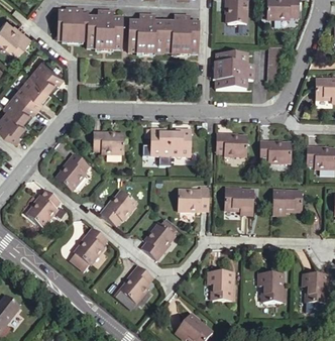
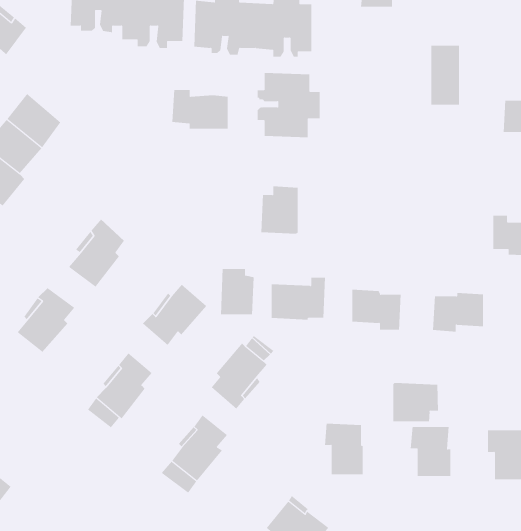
building: [216,53,253,92] -> [257,72,320,138]
building: [31,60,66,93] -> none
building: [90,129,123,152] -> [172,90,228,129]
building: [149,130,170,157] -> [220,268,255,315]
building: [214,134,247,157] -> none
building: [257,143,289,166] -> none
building: none -> [393,382,438,422]

